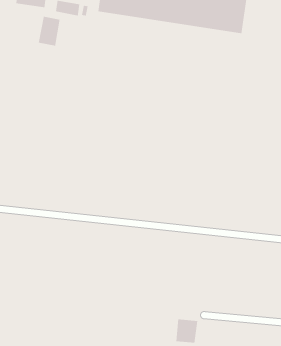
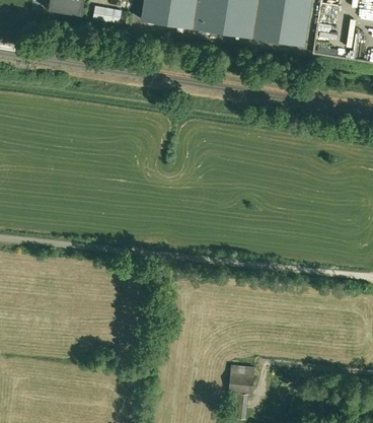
building: [38,16,60,46] -> none

